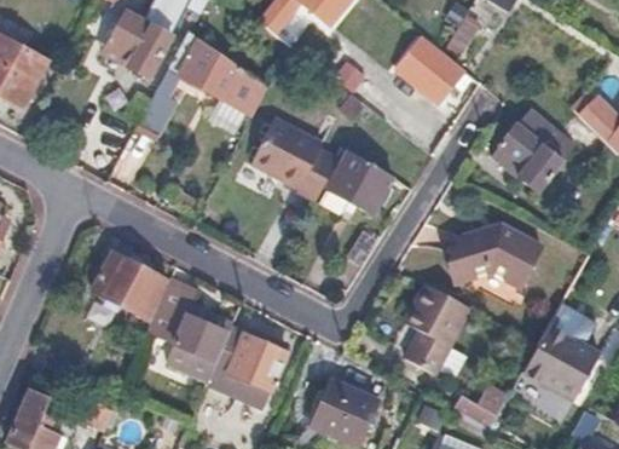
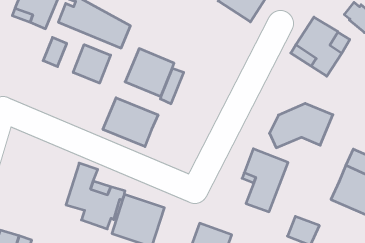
building: none -> [73,45,111,83]
building: [326,152,394,215] -> none
building: none -> [103,98,158,147]
building: [92,252,168,320] -> none

